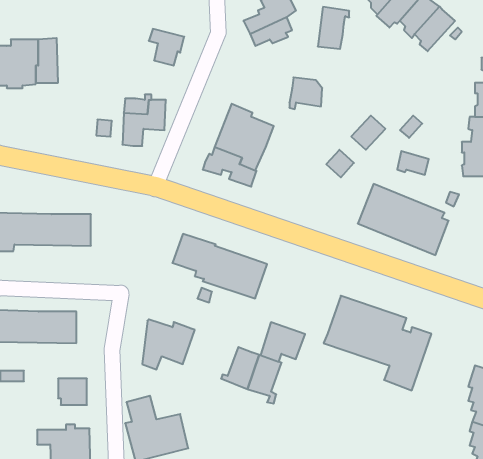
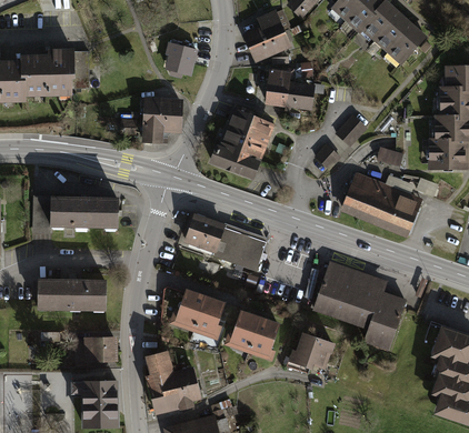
building: [318,7,349,49] -> [266,69,292,104]
building: [260,322,305,362] -> [295,333,332,366]
building: none -> [194,296,223,333]

